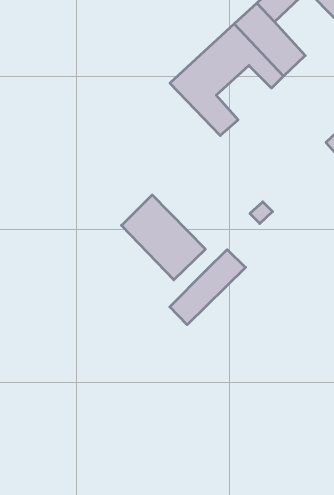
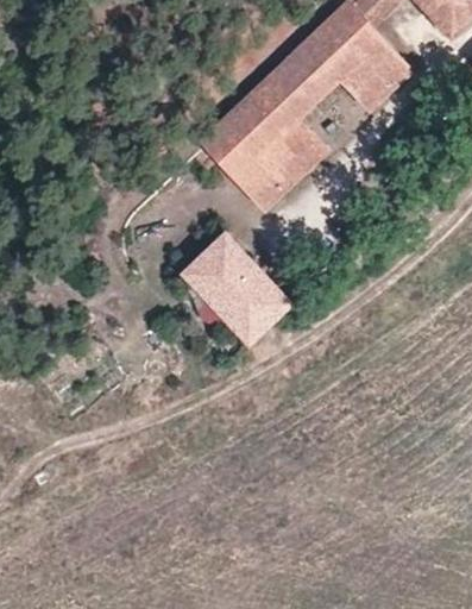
building: none -> [189,102,304,206]
building: [170,250,246,325] -> none

